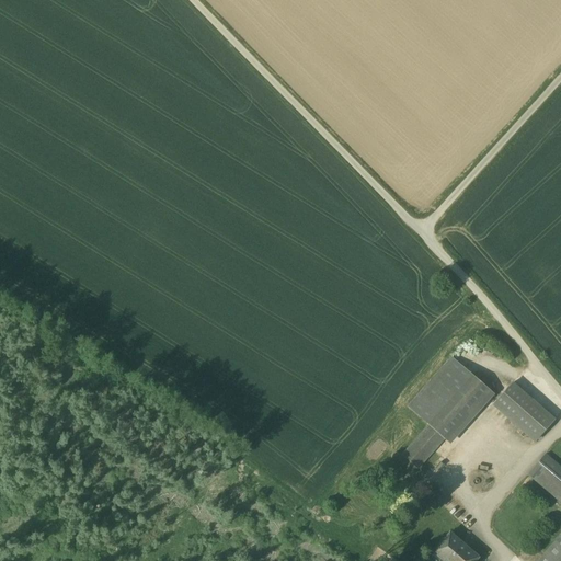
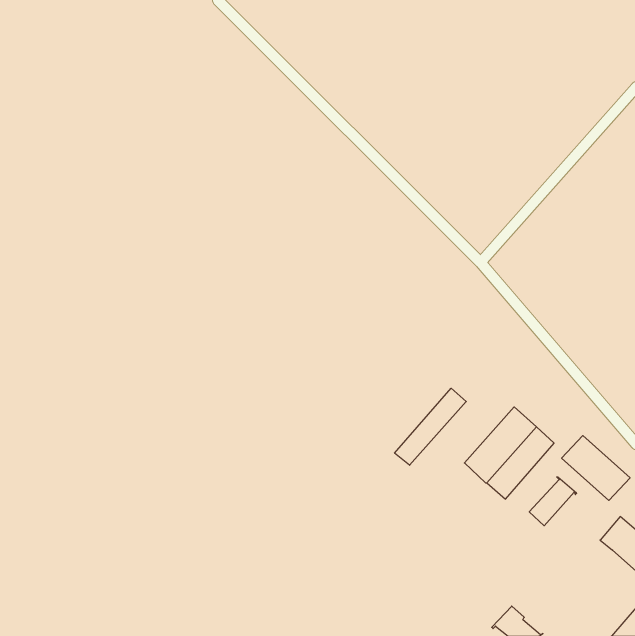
building: none -> [395,388,466,465]
building: [404,425,446,468] -> [529,477,577,526]

